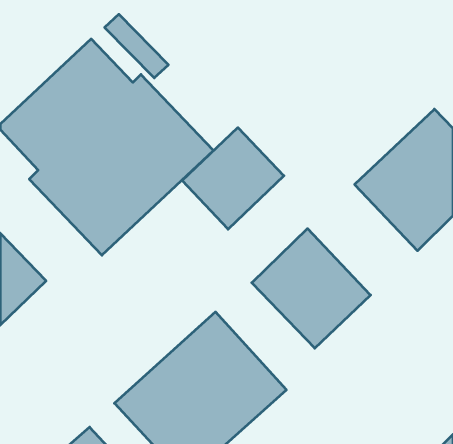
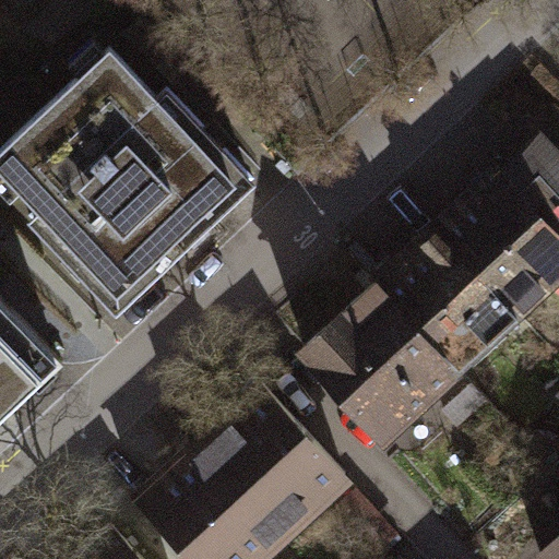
building: [182,128,284,229] -> none
building: none -> [379,238,514,374]

